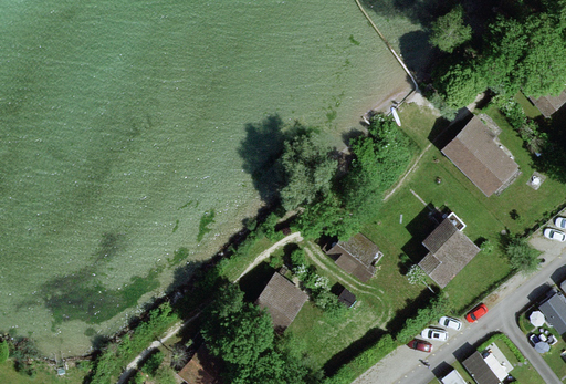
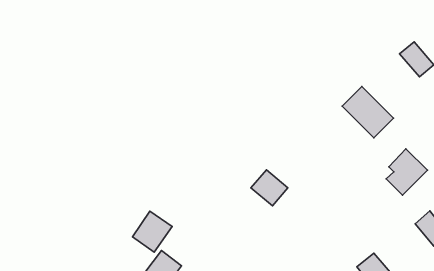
building: [420,222,473,282] -> [386,149,427,195]
building: [251,277,302,330] -> [133,211,172,252]

